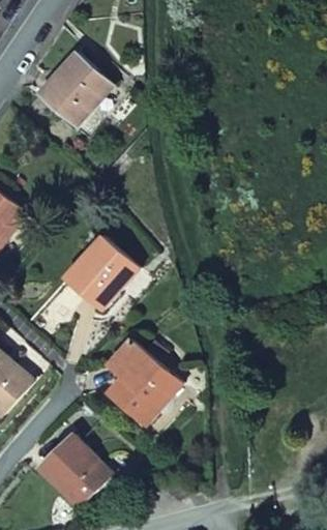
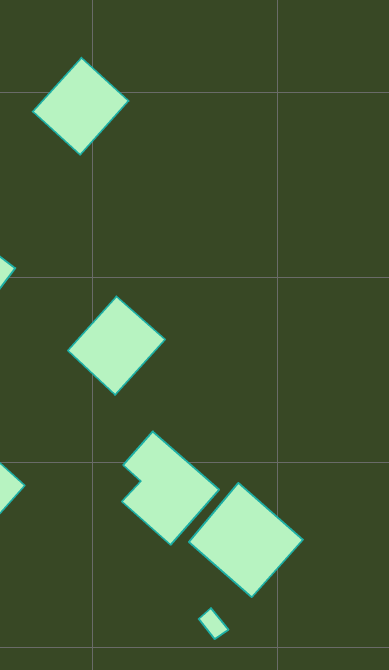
building: none -> [189,483,303,597]
building: [37,434,112,508] -> none

